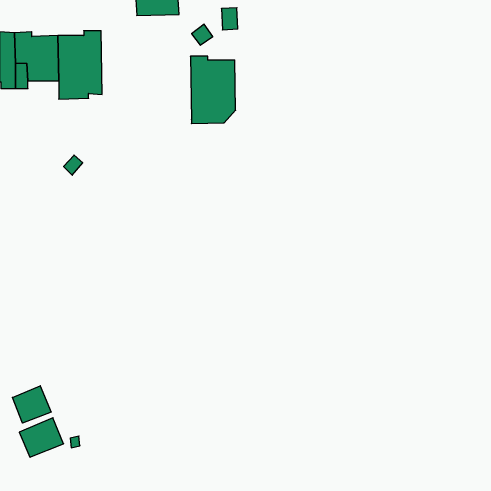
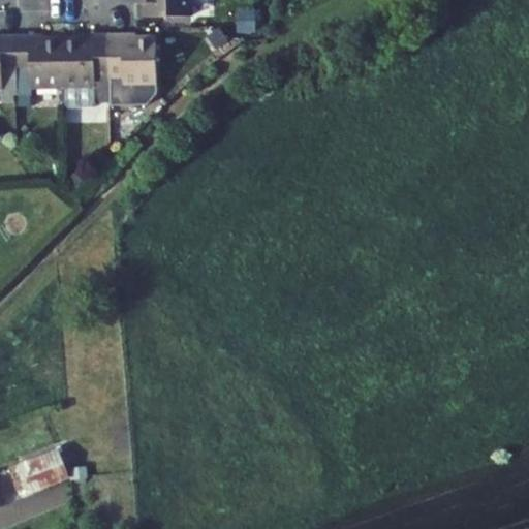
building: [190,56,236,124] -> [108,33,157,105]
building: [12,386,51,423] -> none

